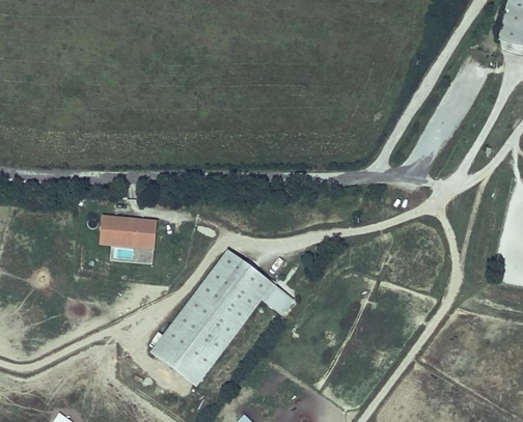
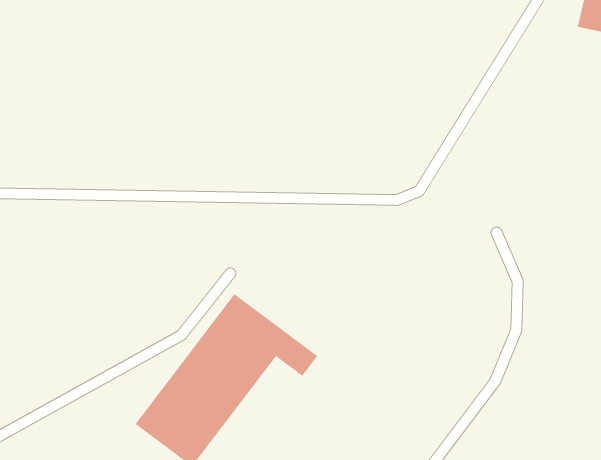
building: [100,214,158,248] -> none

